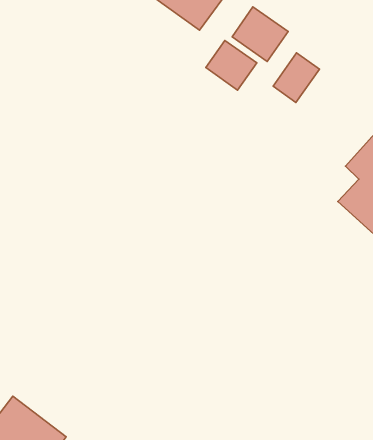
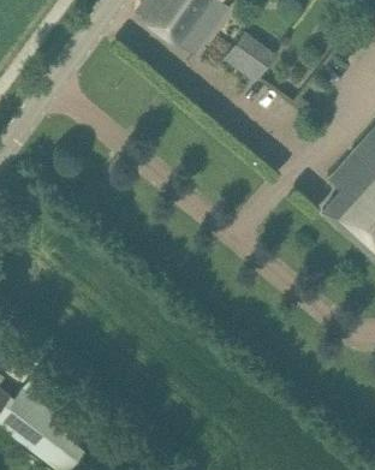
building: [206,40,257,90] -> none
building: [273,53,319,103] -> none

